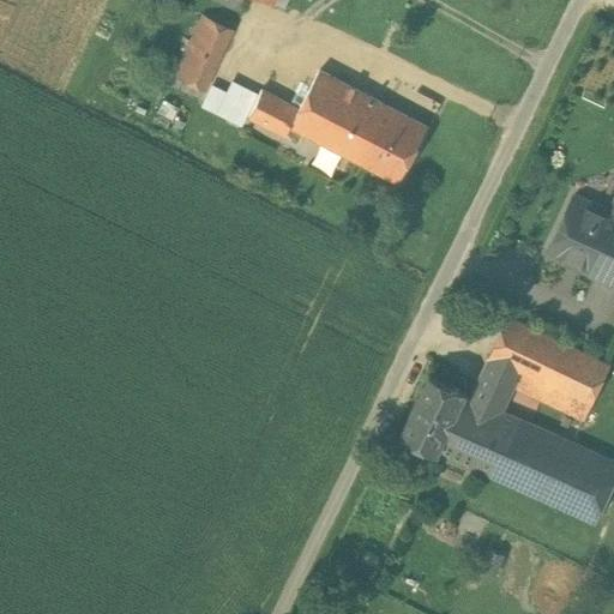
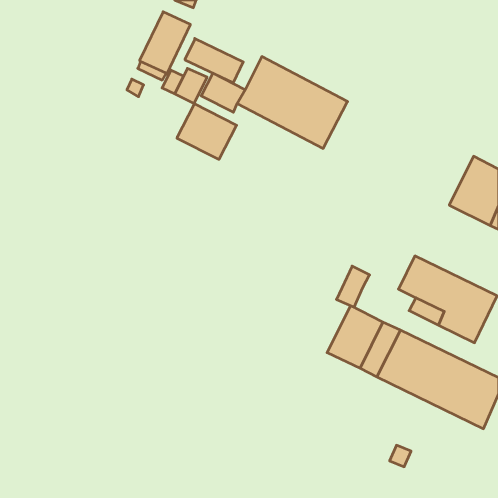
building: none -> [185,38,243,83]
building: none -> [177,104,237,159]
building: [471,356,512,407] -> [336,266,370,307]

